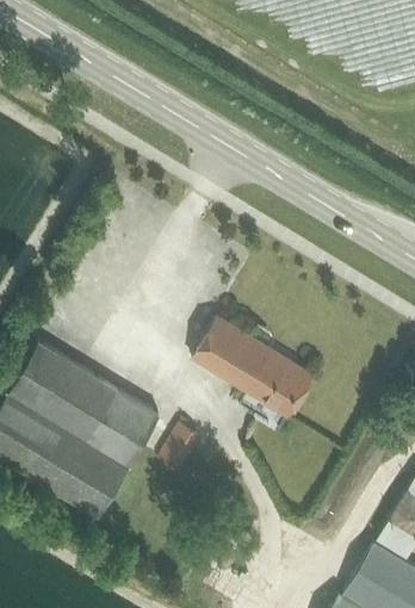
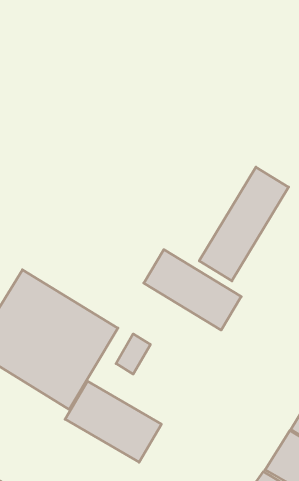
building: none -> [199,167,289,281]
building: none -> [65,381,161,462]

